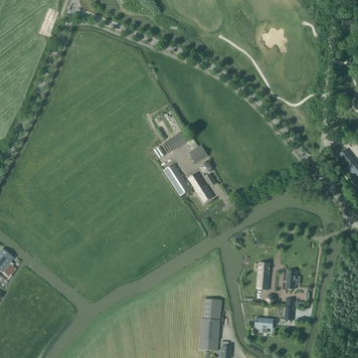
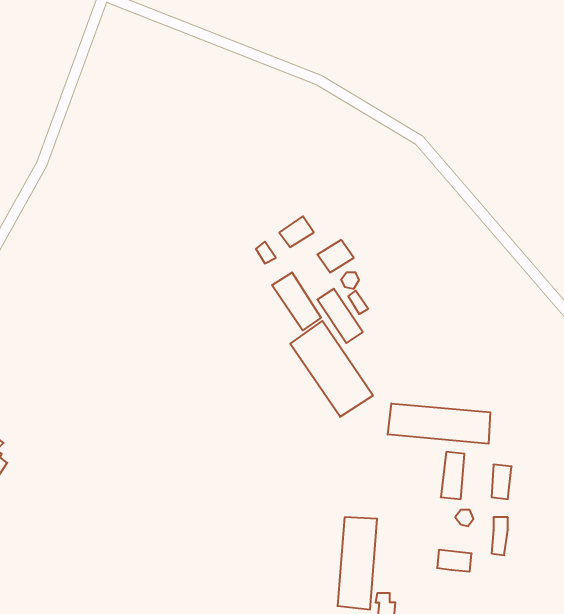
building: none -> [290,321,373,417]
building: none -> [388,403,490,444]

